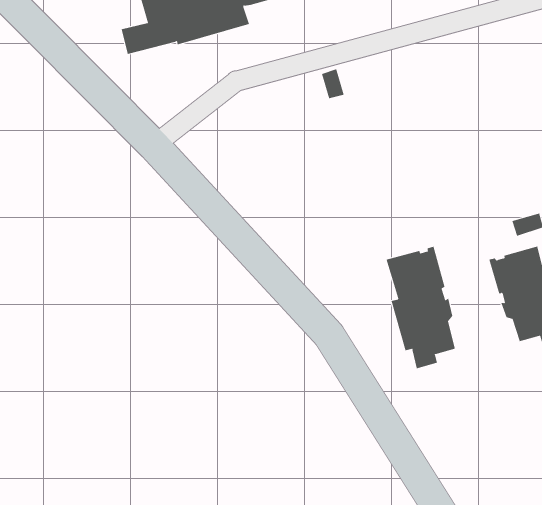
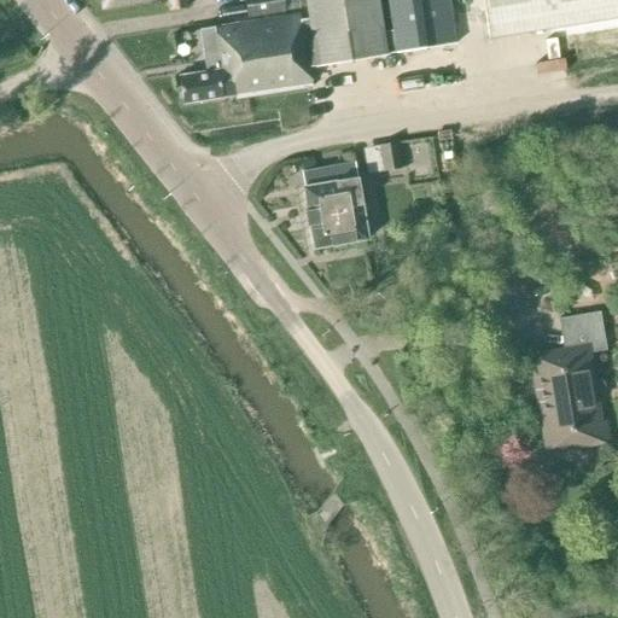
building: none -> [302,161,369,246]
building: [386,246,456,369] -> none

